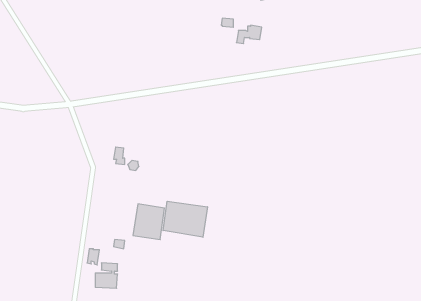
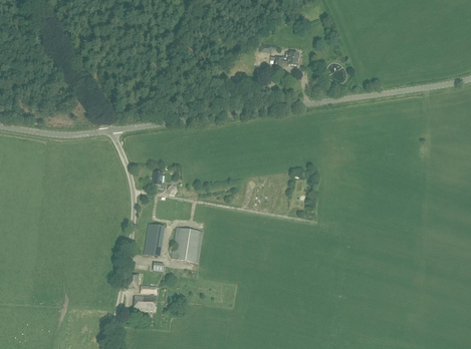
building: none -> [143,223,162,256]
building: [163,201,207,237] -> none

